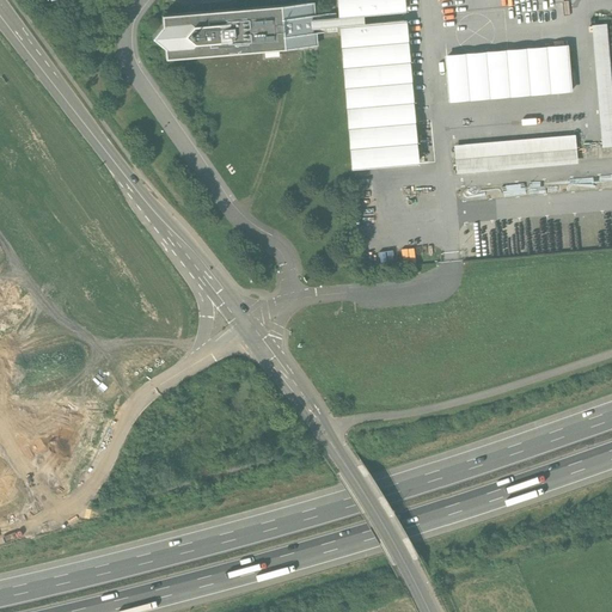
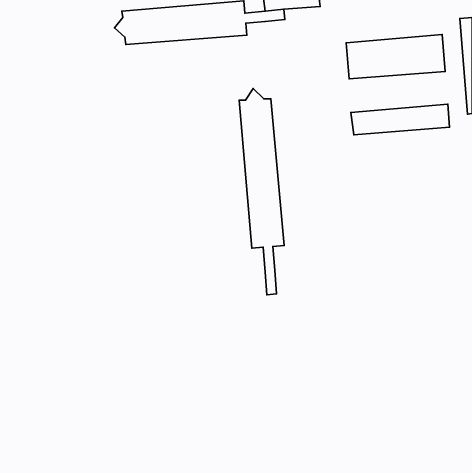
building: [341,22,423,169] -> none
building: none -> [239,88,284,295]

